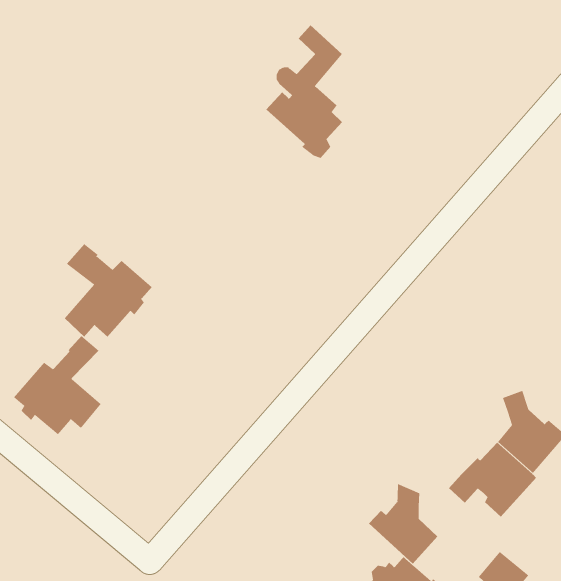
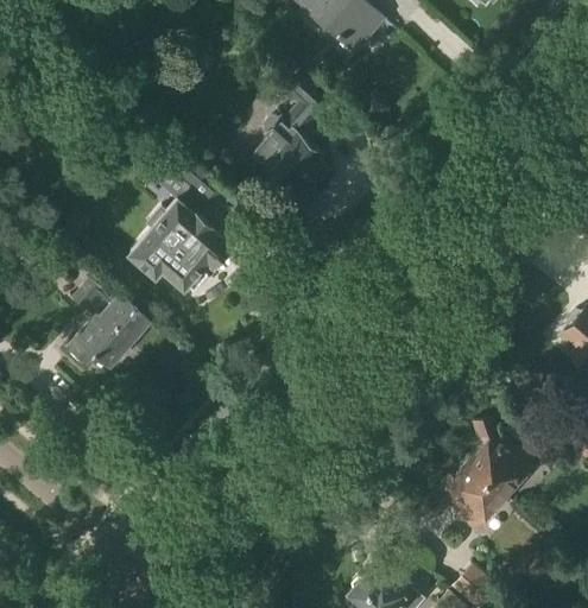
building: none -> [129,157,226,290]
building: [13,335,102,435] -> none
building: [368,483,438,565] -> none

